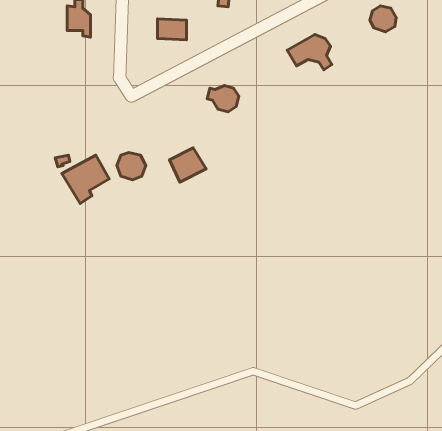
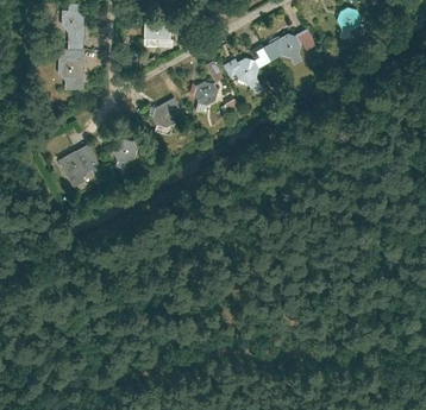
building: none -> [58,49,84,90]
building: none -> [224,57,259,82]
building: [169,148,206,182] -> [154,97,187,128]

